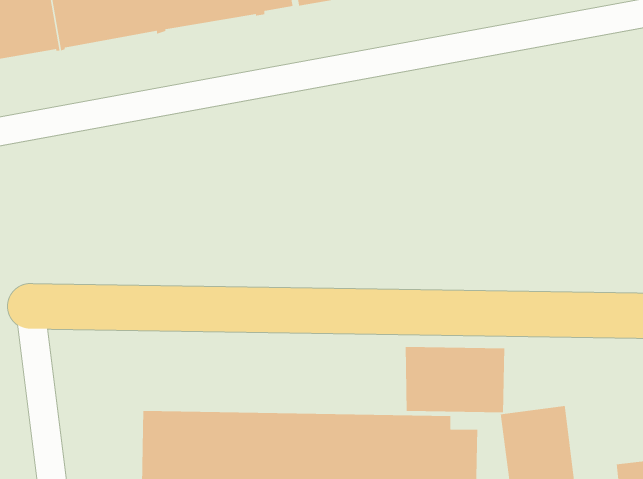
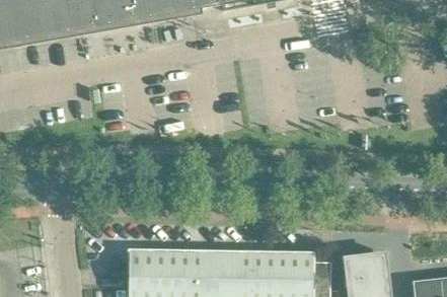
building: [405,346,505,413] -> none

